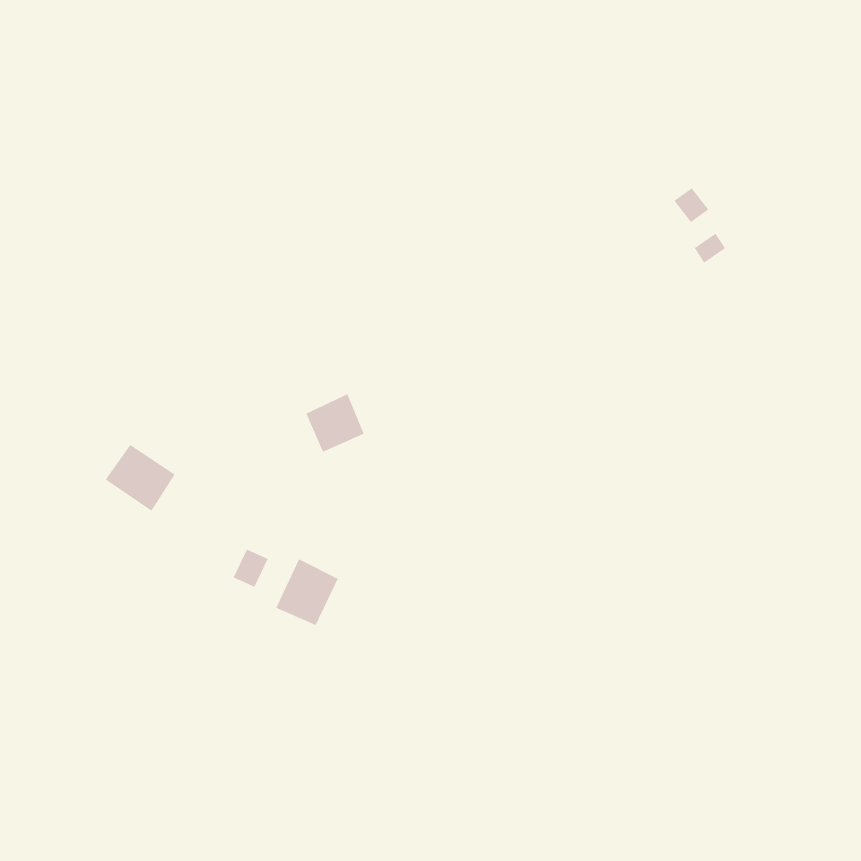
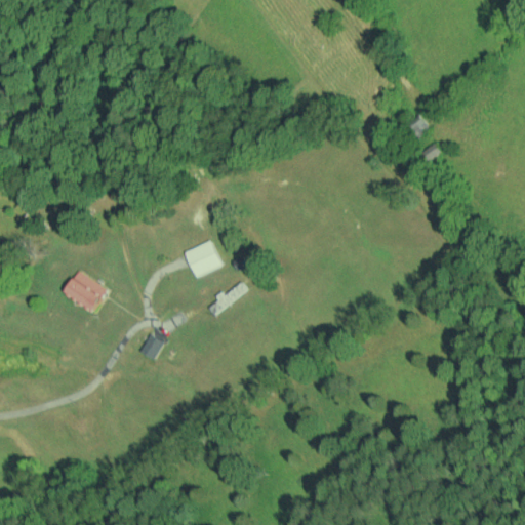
building: [276,558,339,626] -> none

